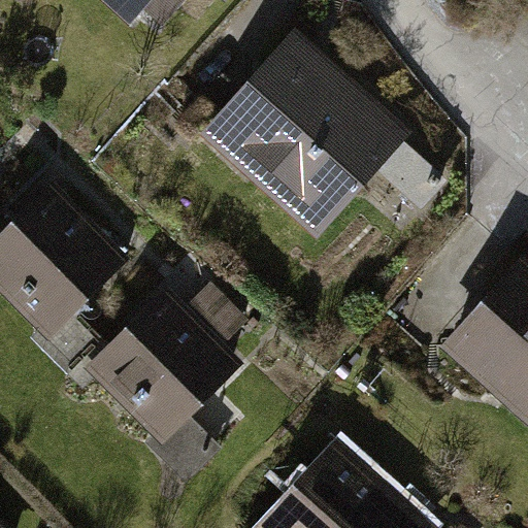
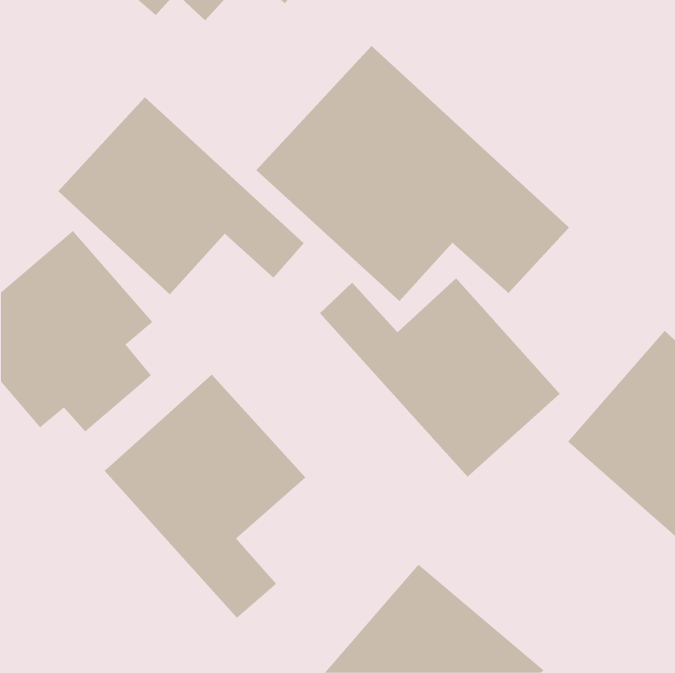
building: none -> [58,97,304,295]
building: none -> [319,277,560,478]

